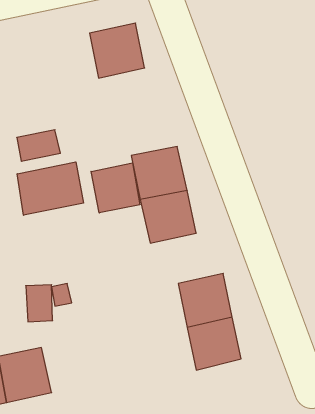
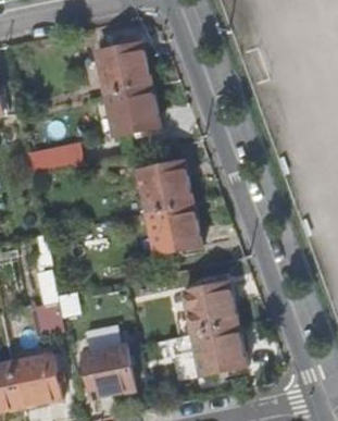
building: none -> [107,84,160,134]
building: [17,162,83,215] -> none
building: [91,163,140,213] -> none
building: none -> [80,346,132,399]

